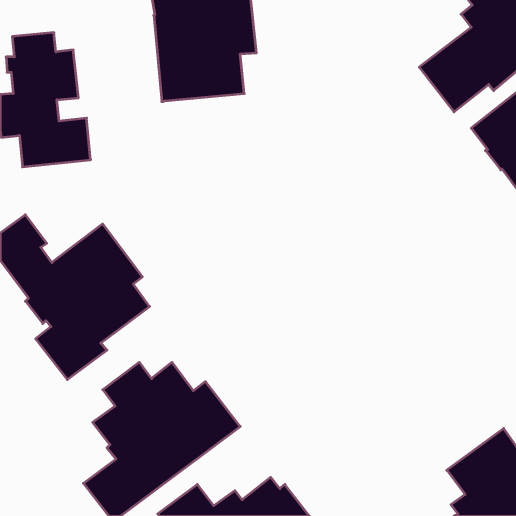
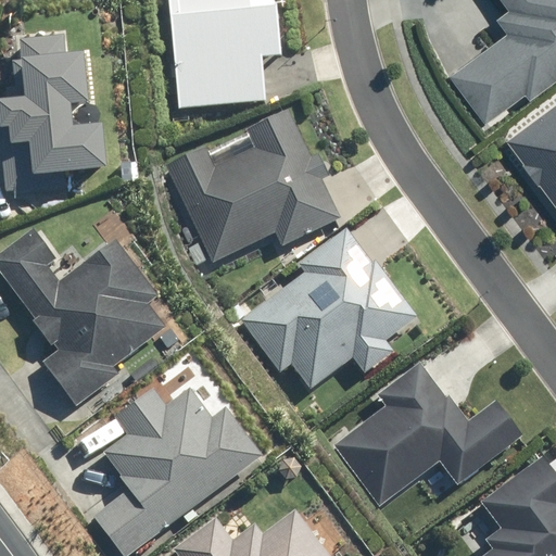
building: none -> [169,110,340,261]
building: none -> [244,227,418,388]
building: none -> [336,363,520,504]

